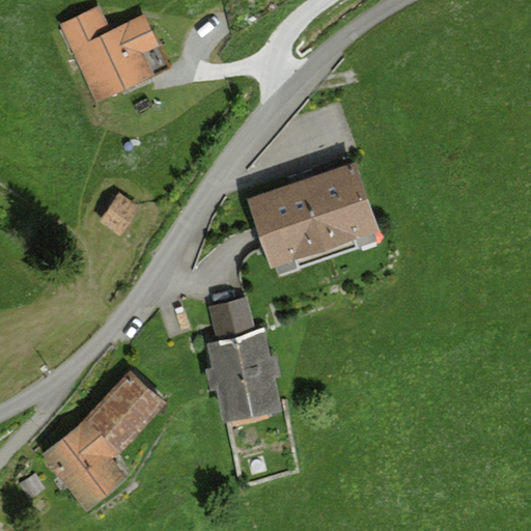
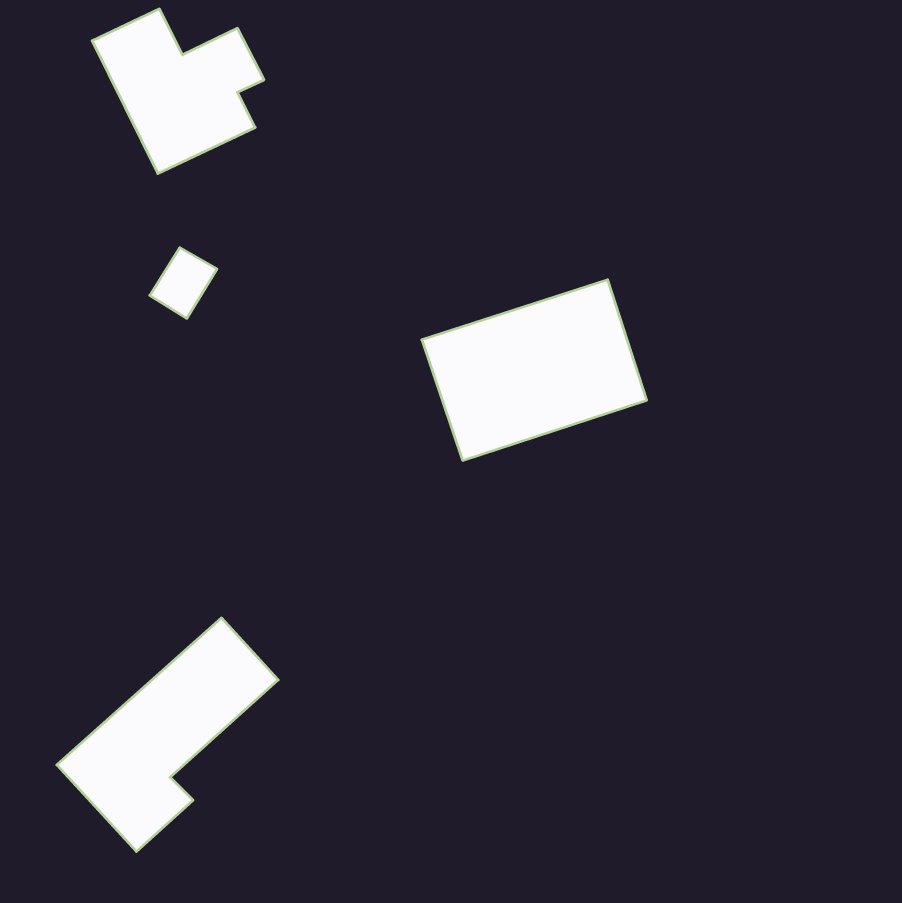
building: [99,195,138,236] -> [150,248,217,318]
building: [207,302,284,426] -> none

